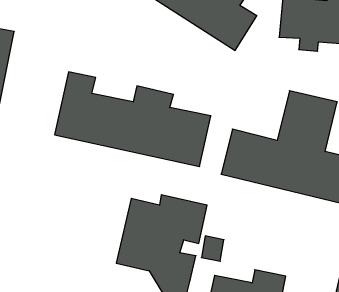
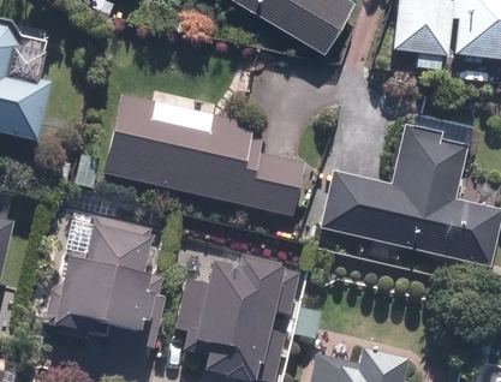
building: none -> [47,213,168,340]

